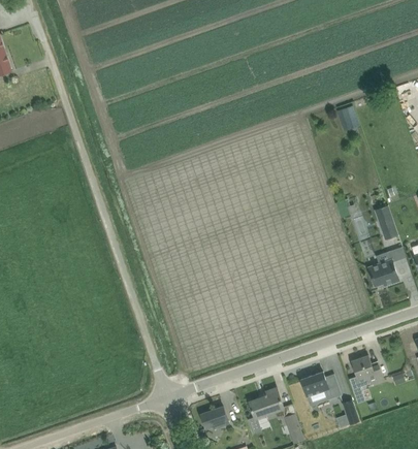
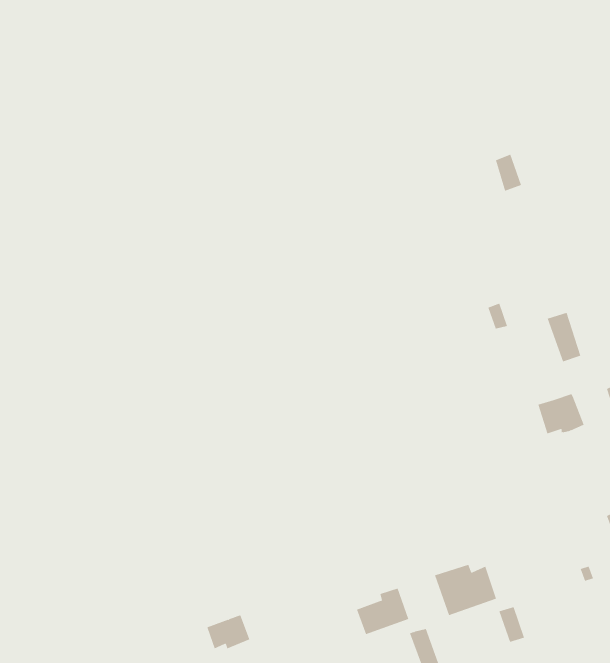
building: [352,356,384,384] -> none
building: [200,407,229,429] -> [206,615,250,649]

